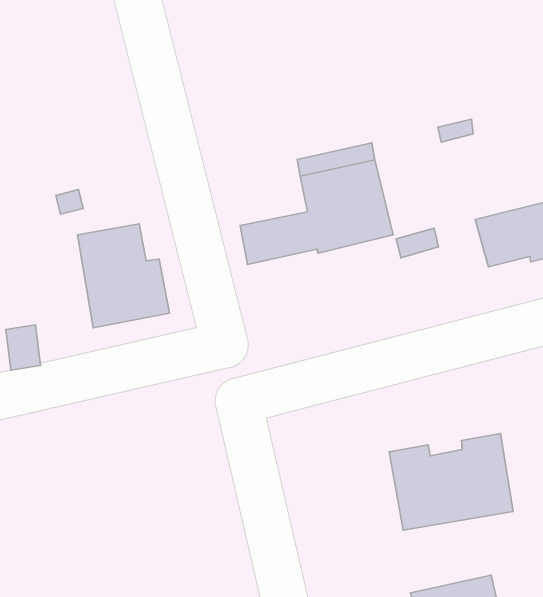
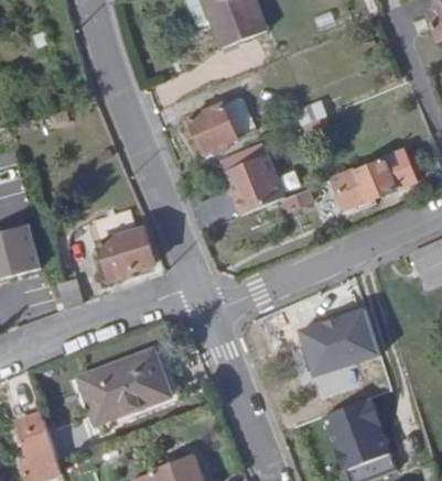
building: none -> [190,106,234,152]
building: none -> [82,353,171,424]

